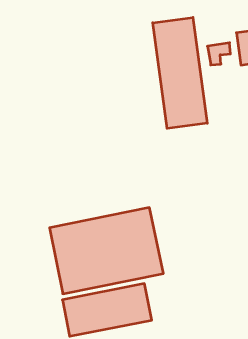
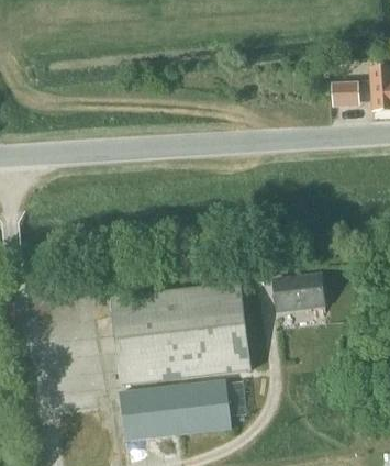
building: [153,17,207,128] -> none
building: none -> [272,273,324,309]

